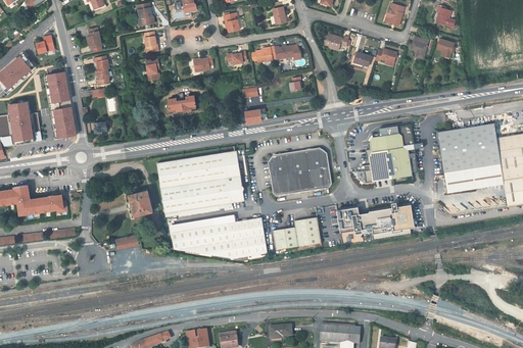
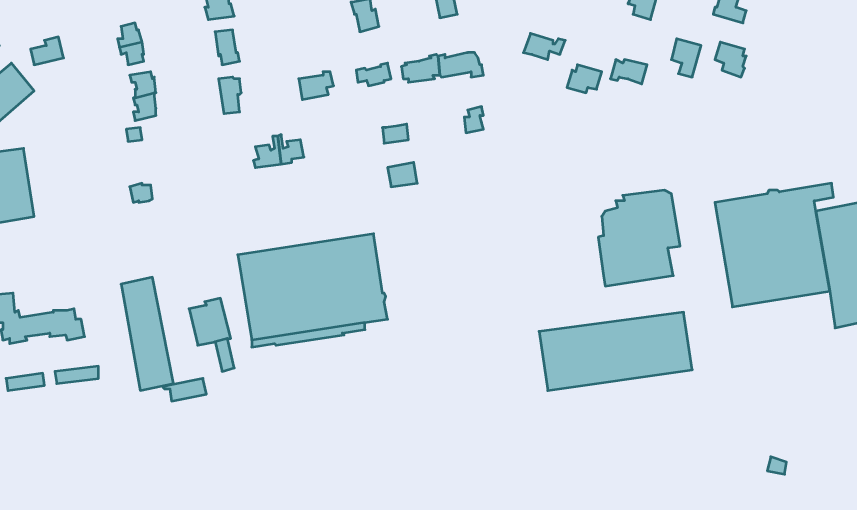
building: [46,72,77,139] -> [121,277,173,390]
building: [268,148,331,196] -> none
building: [272,217,321,250] -> none
building: [170,219,267,259] -> none

